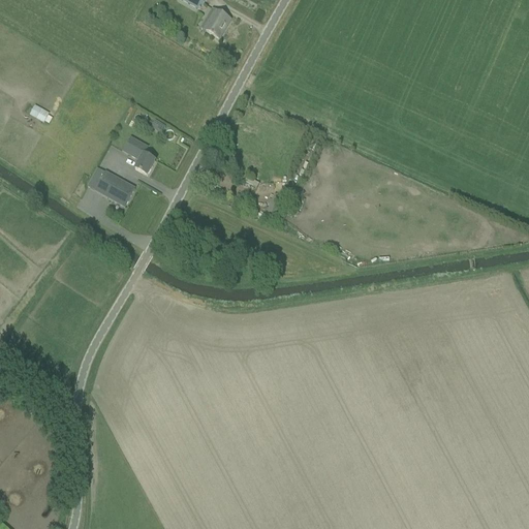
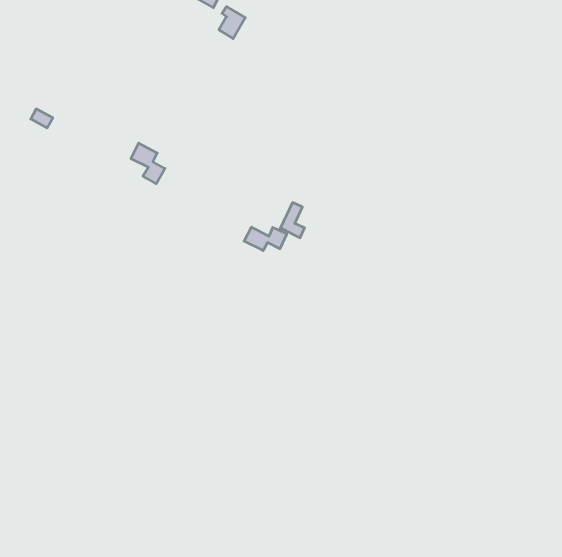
building: [88,165,134,204] -> none
building: none -> [244,227,287,251]

